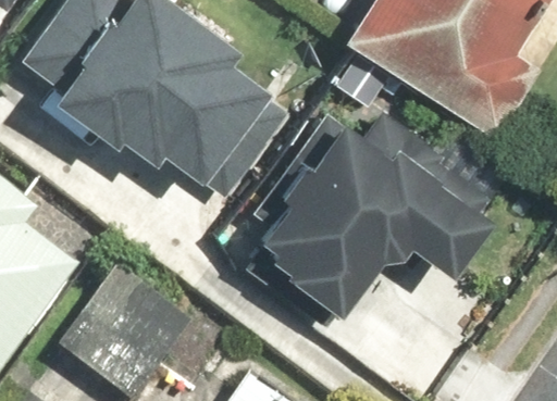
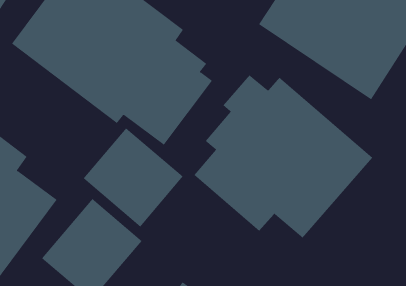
building: none -> [83,127,184,227]

